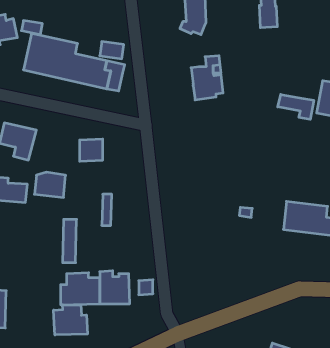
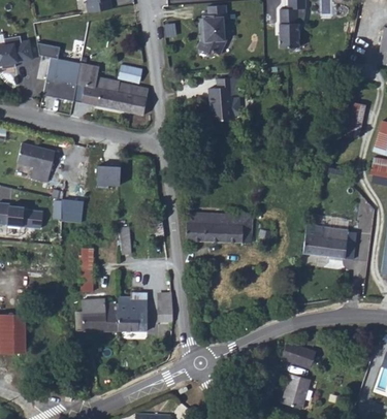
building: [278,94,314,119] -> none
building: none -> [188,213,253,244]
building: [54,305,87,335] -> none
building: none -> [285,339,319,365]

